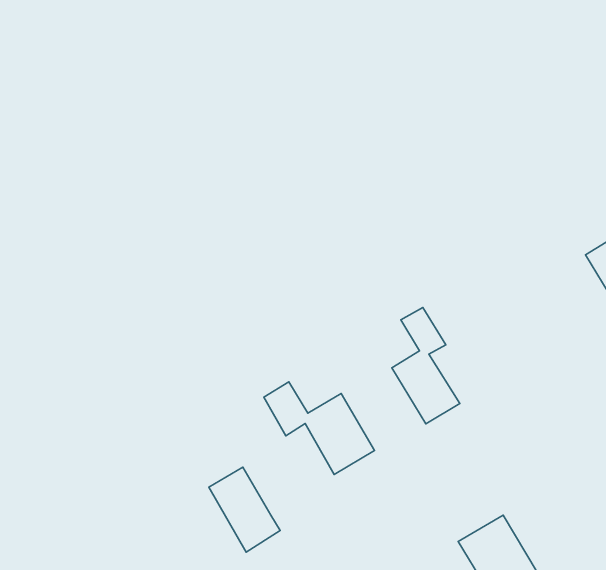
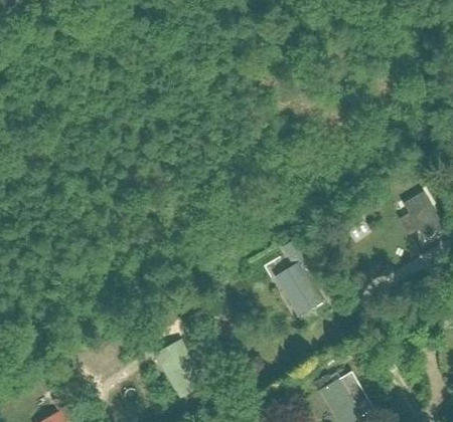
building: [264,382,374,475] -> none

